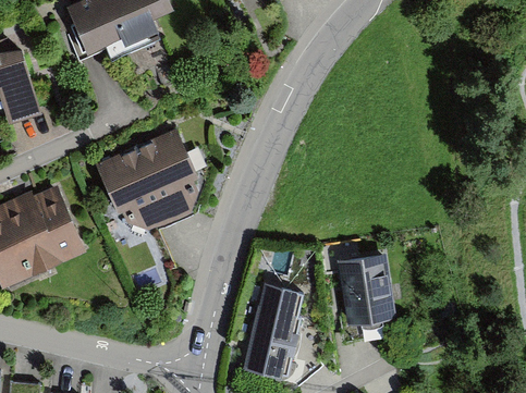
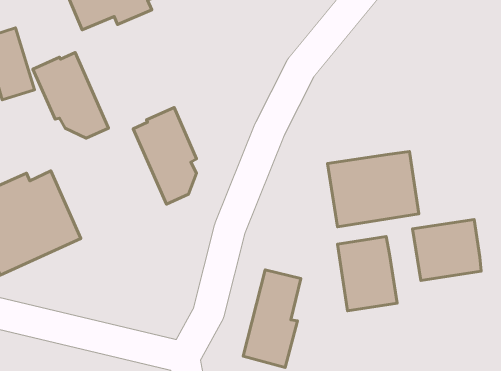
building: [95,147,169,231] -> [33,53,108,138]
building: none -> [328,152,419,227]
building: none -> [412,219,481,280]

